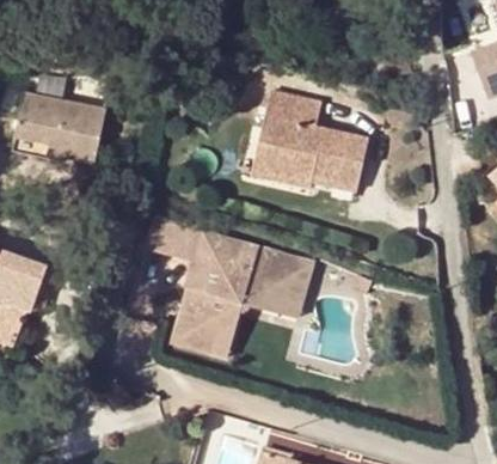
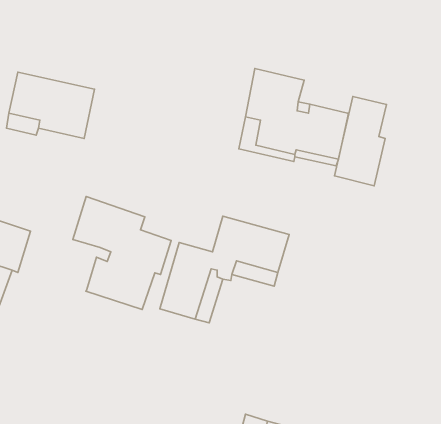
building: none -> [334,97,386,186]
building: none -> [73,196,171,309]
building: [192,234,238,281] -> none

